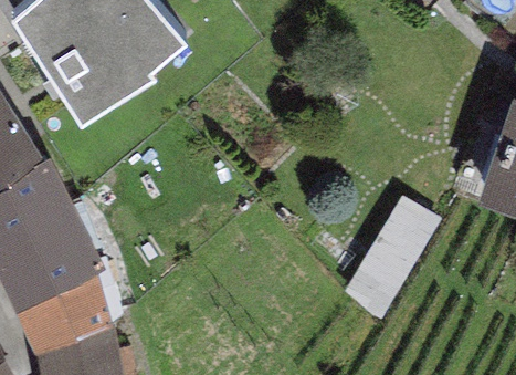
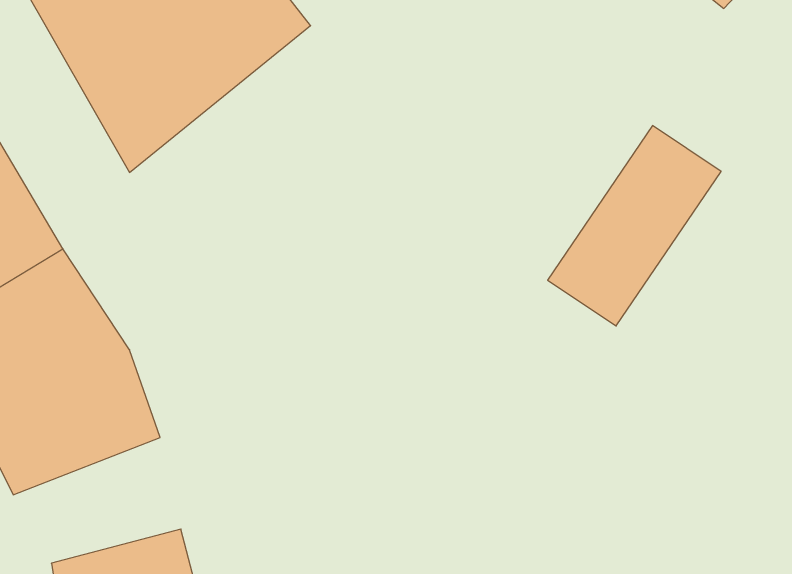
building: [339,206,440,322] -> [548,126,721,326]
building: [12,278,109,351] -> none

